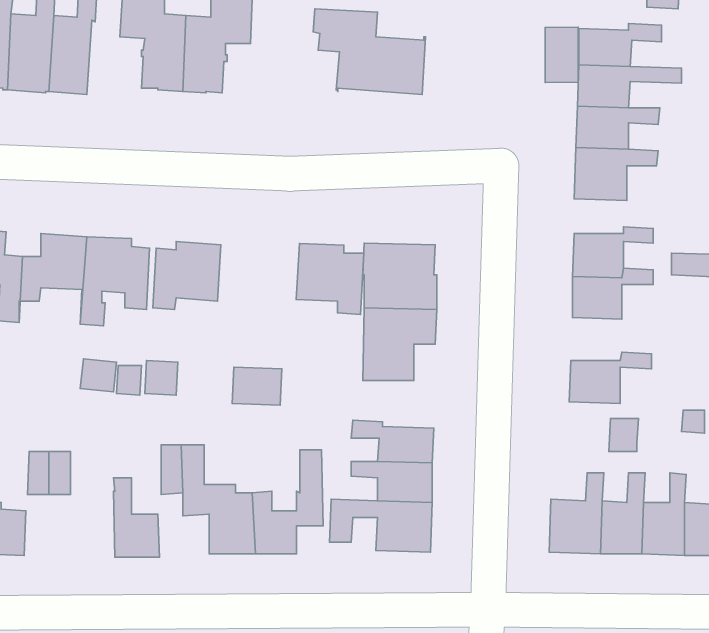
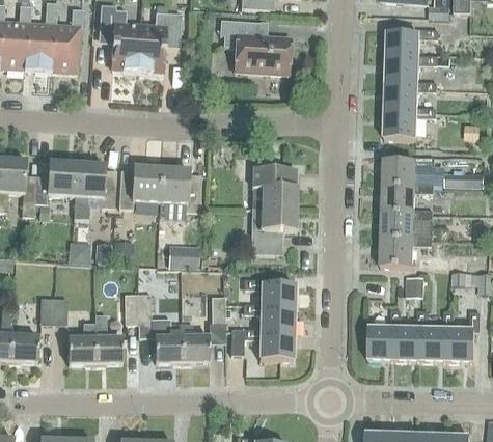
building: [545,27,578,83] -> none
building: [296,243,364,314] -> [159,168,201,213]
building: none -> [381,210,432,241]
building: none -> [67,323,94,365]

